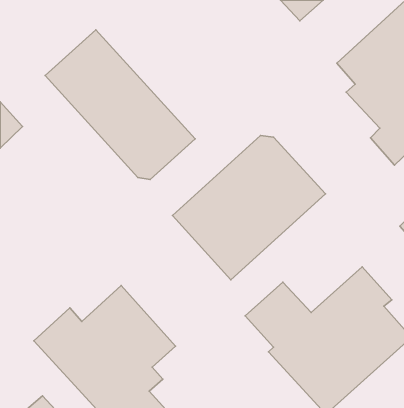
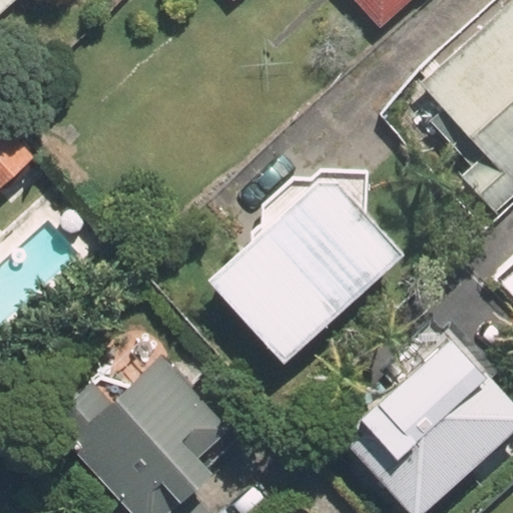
building: [45,30,195,179] -> none

